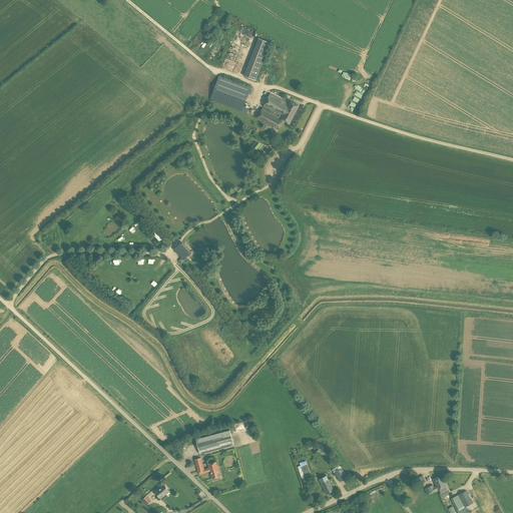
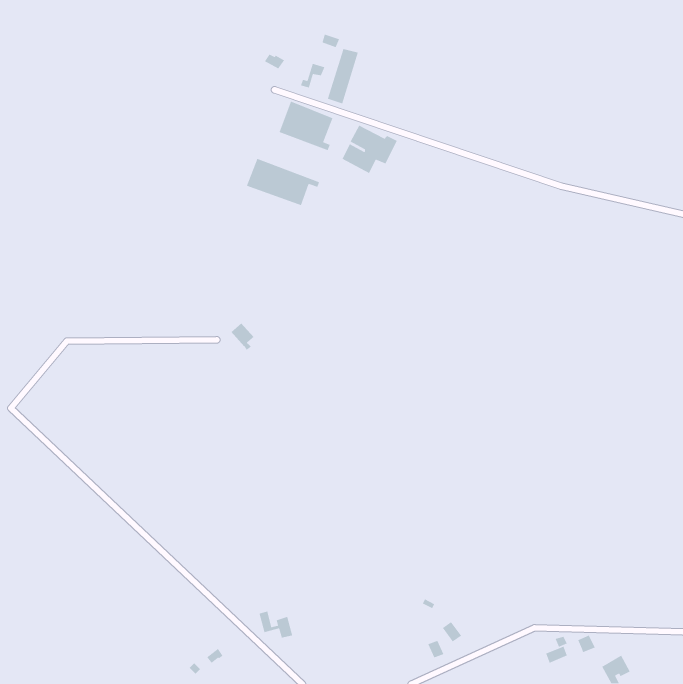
building: none -> [246,158,320,206]
building: [195,430,232,453] -> none

